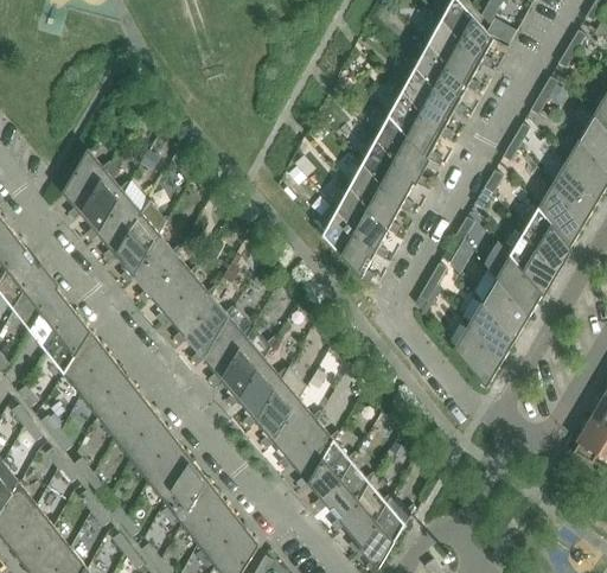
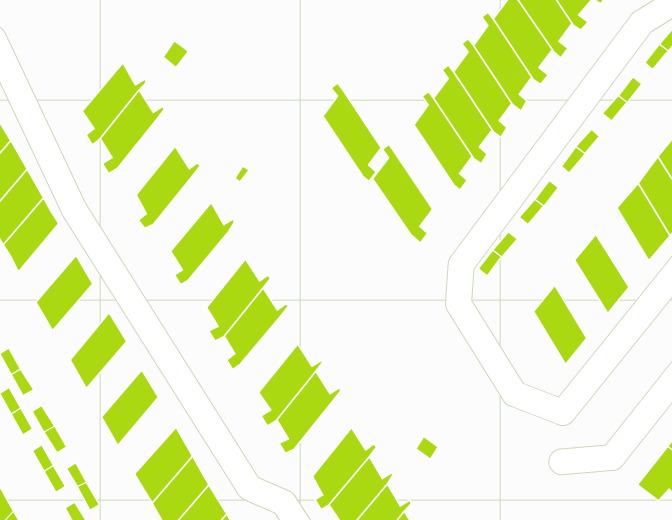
building: [62,148,111,219] -> none
building: [337,182,389,257] -> [323,83,382,181]
building: [115,211,164,281] -> none
building: [510,230,556,293] -> none
building: [151,253,198,323] -> none
building: [483,278,529,339] -> none
building: [185,294,234,364] -> none
building: [46,307,91,374] -> none
building: [453,324,500,388] -> none
building: [81,352,124,416] -> none
building: [237,356,286,426] -> none
building: [115,395,158,459] -> none
building: [290,419,339,489] -> none
building: [147,437,192,502] -> none

